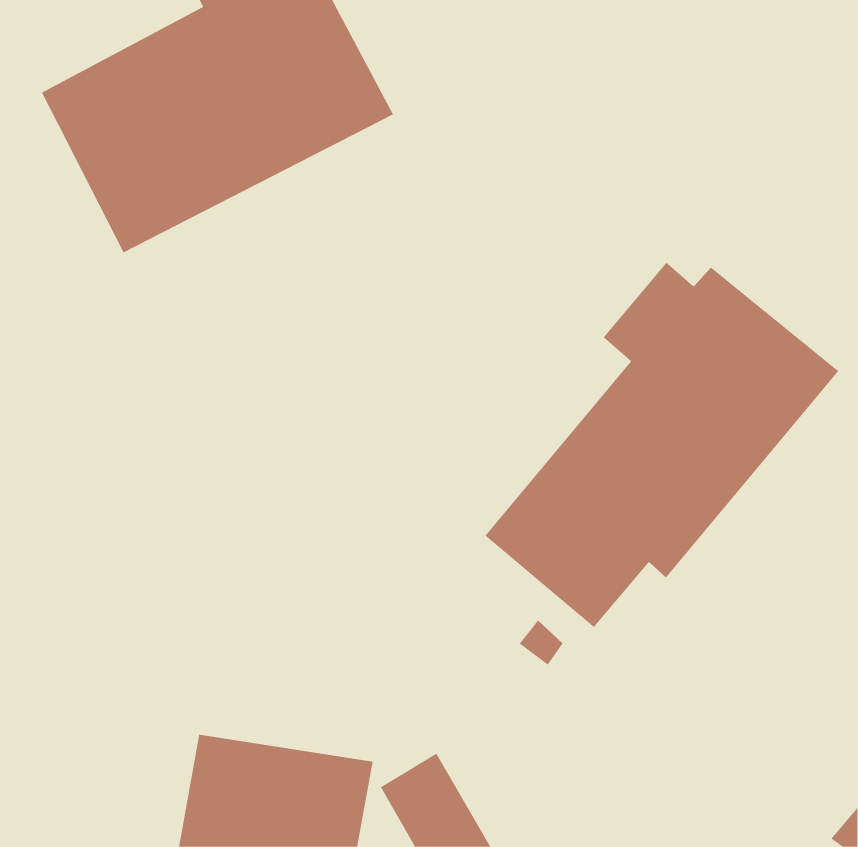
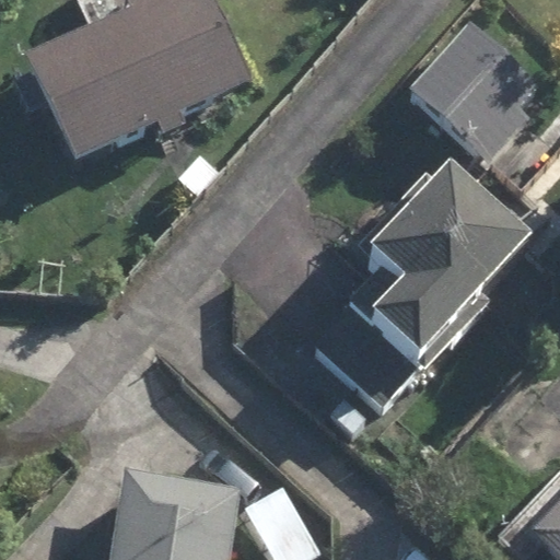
building: none -> [410,27,544,160]

